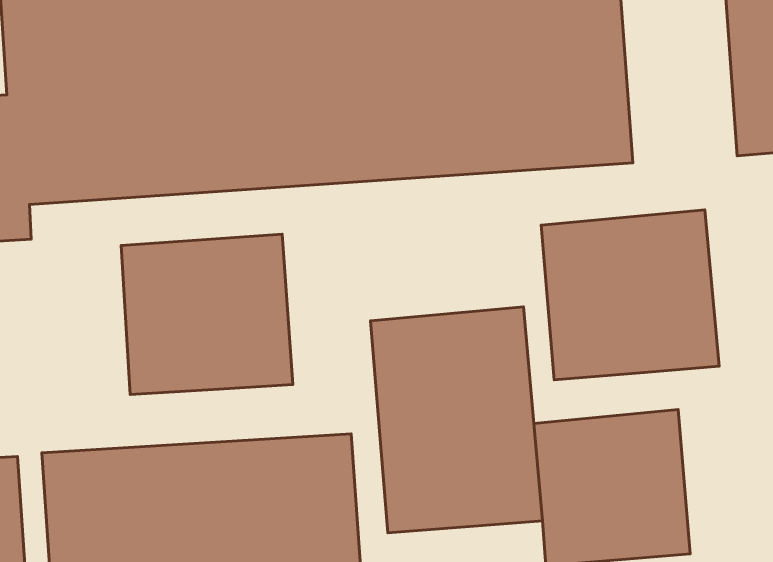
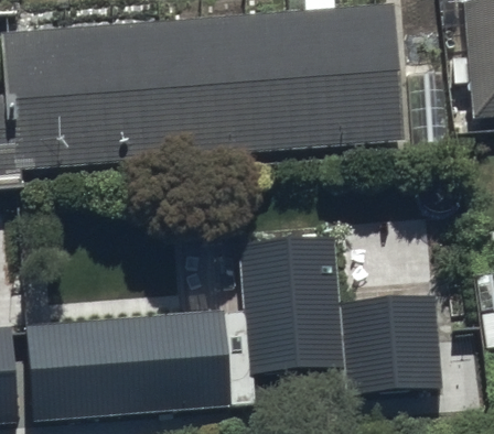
building: [541,210,719,380] -> none
building: [121,234,293,395] -> none

